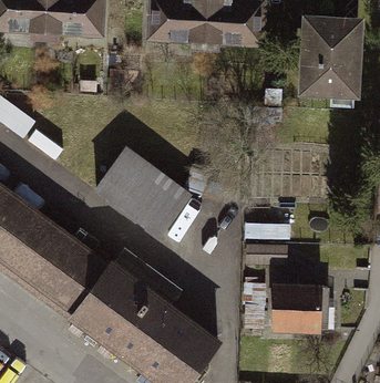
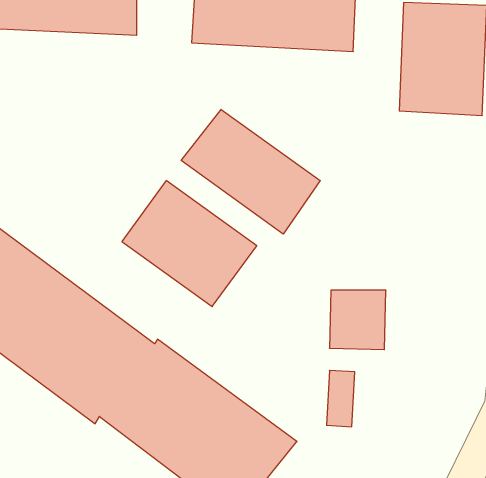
building: none -> [181,109,320,234]
building: [269,292,326,343] -> none

